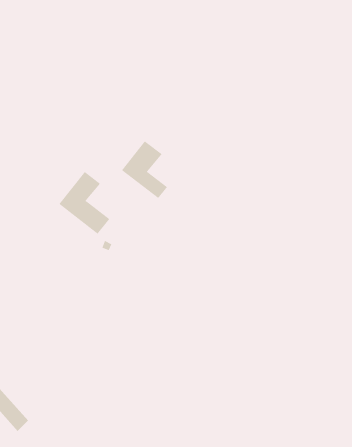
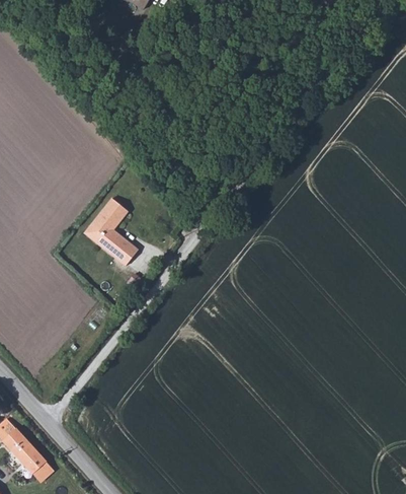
building: [121,140,168,199] -> none

